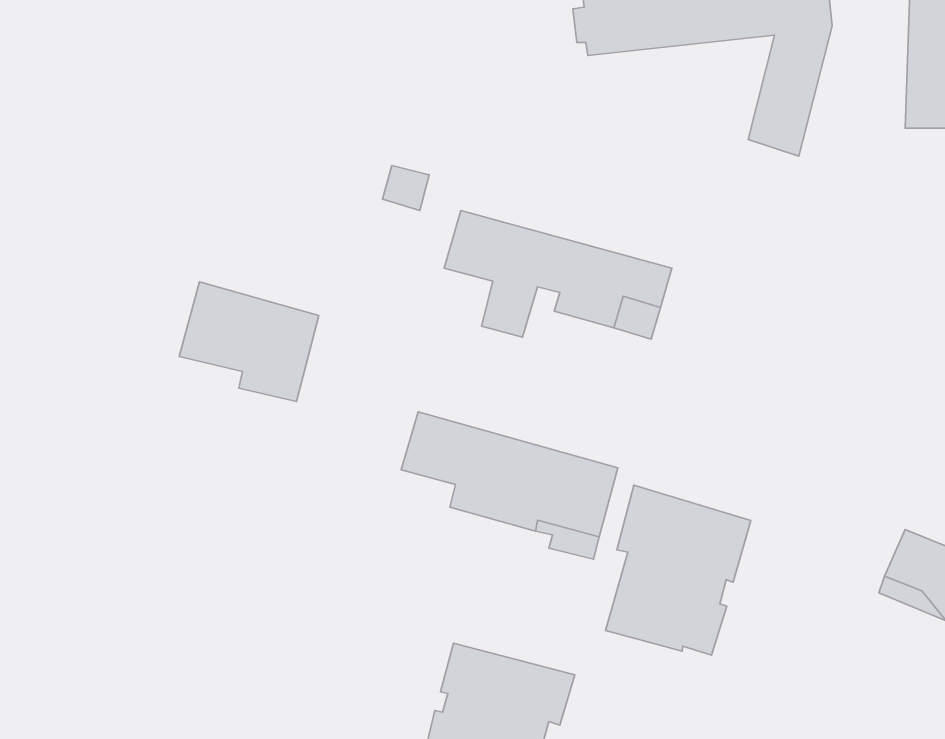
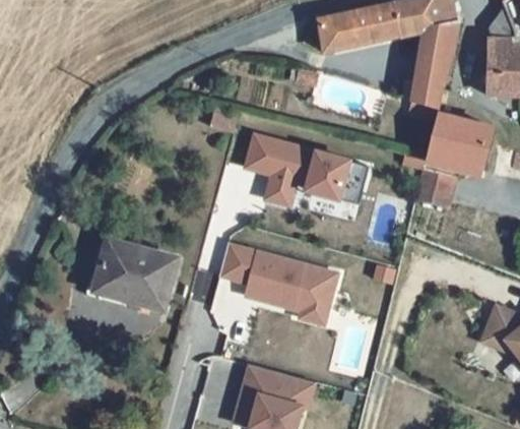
building: none -> [415,108,494,202]
building: [179,282,319,401] -> [95,244,172,309]
building: [606,485,751,655] -> none

